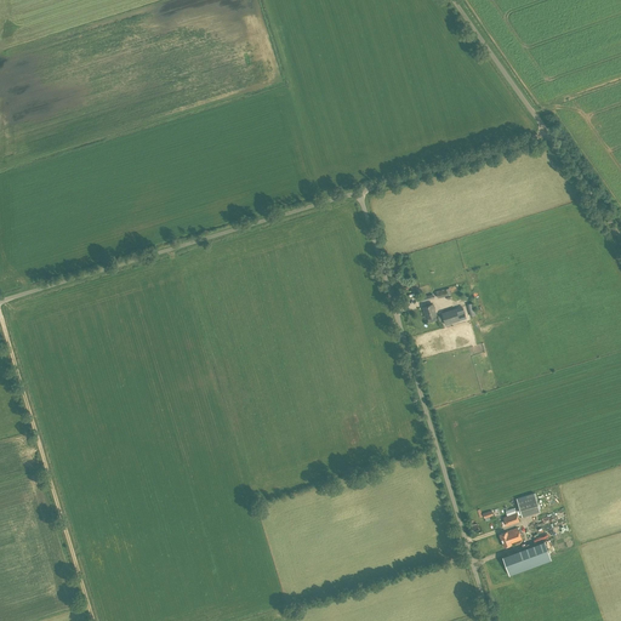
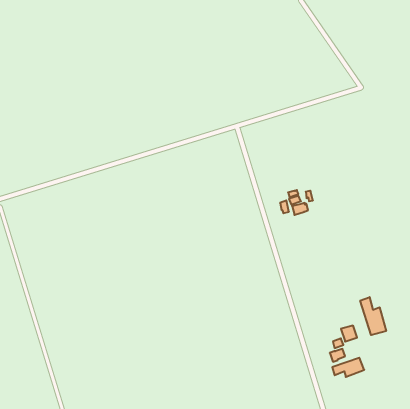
building: none -> [360,297,386,335]

